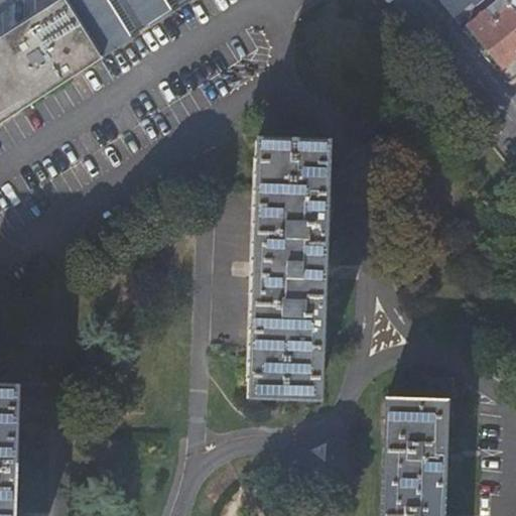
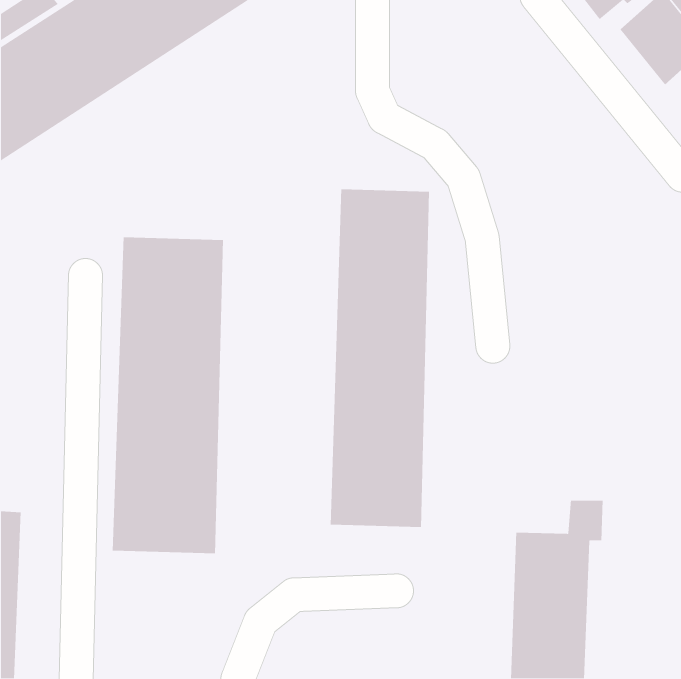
building: none -> [112,237,224,554]

